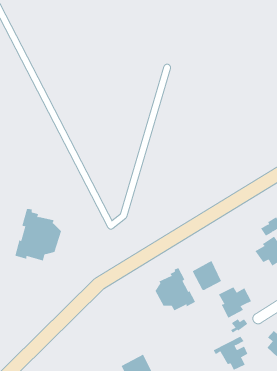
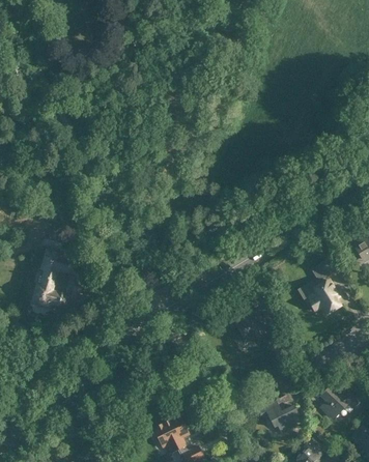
building: [155,267,196,311] -> none
building: [218,287,252,318] -> none

